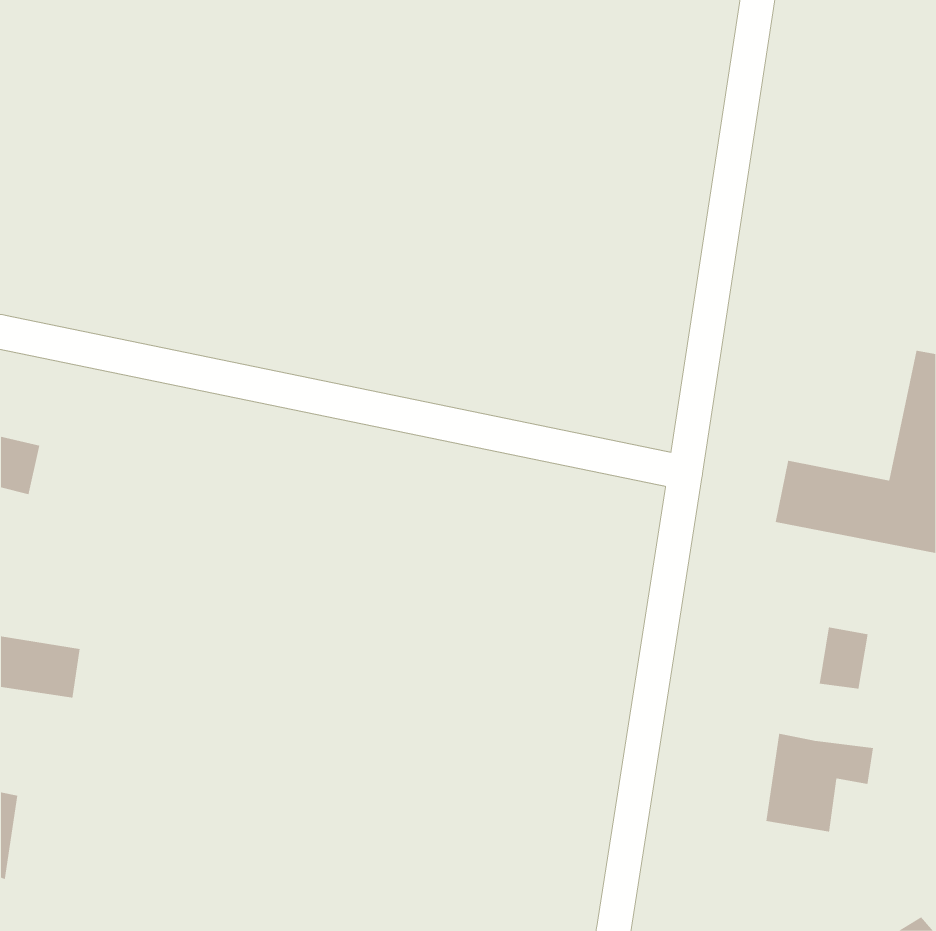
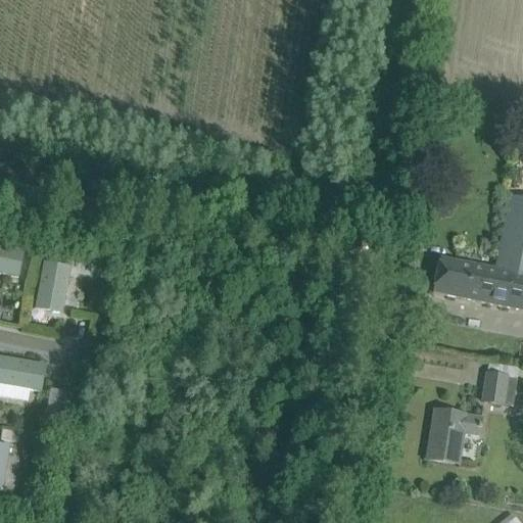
building: none -> [34,260,69,313]
building: [819,627,868,689] -> [485,372,513,407]

